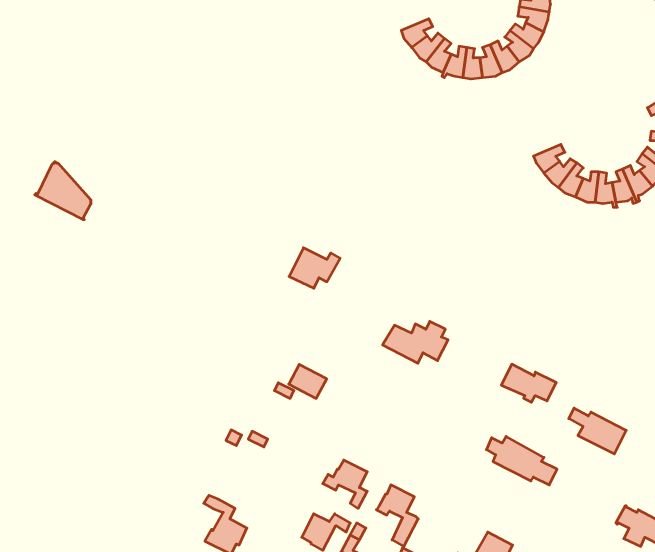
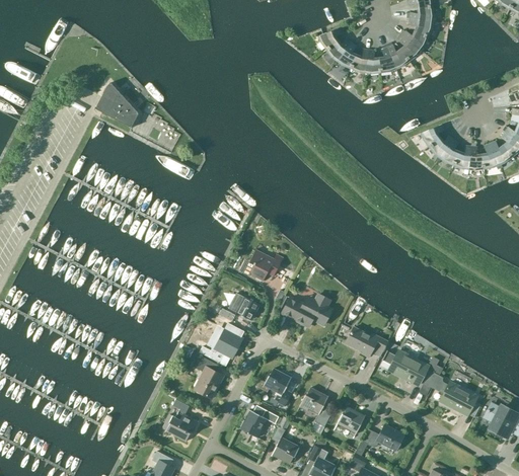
building: [35,162,91,220] -> [93,83,137,128]
building: [289,248,340,288] -> [243,250,283,282]
building: [383,321,448,363] -> [281,295,331,327]
building: [501,364,556,402] -> [345,327,387,356]
building: none -> [214,326,241,359]
building: [569,408,626,454] -> [432,380,476,415]
building: none -> [193,355,222,398]
building: none -> [337,407,365,433]

